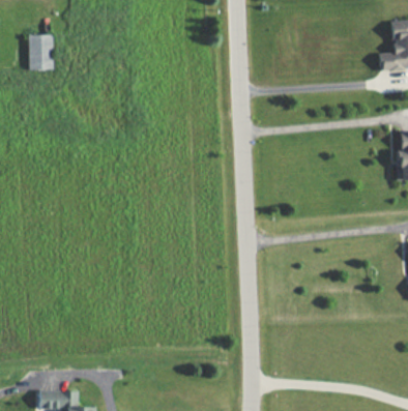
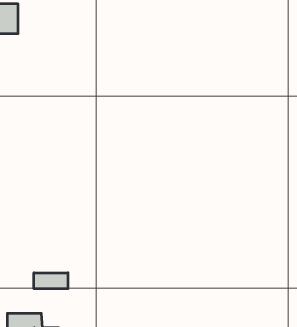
building: none -> [34,273,68,289]

